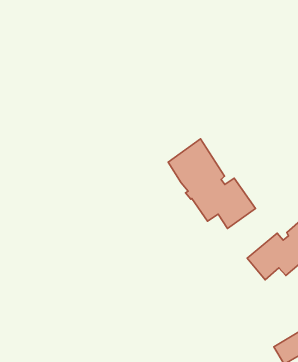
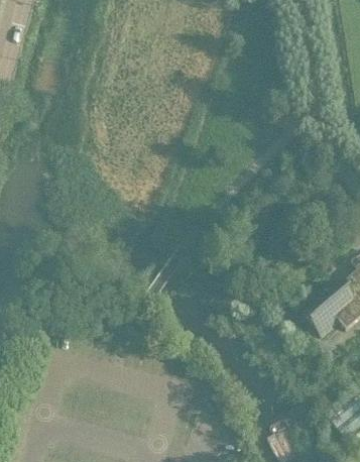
building: [168,139,255,229] -> none

